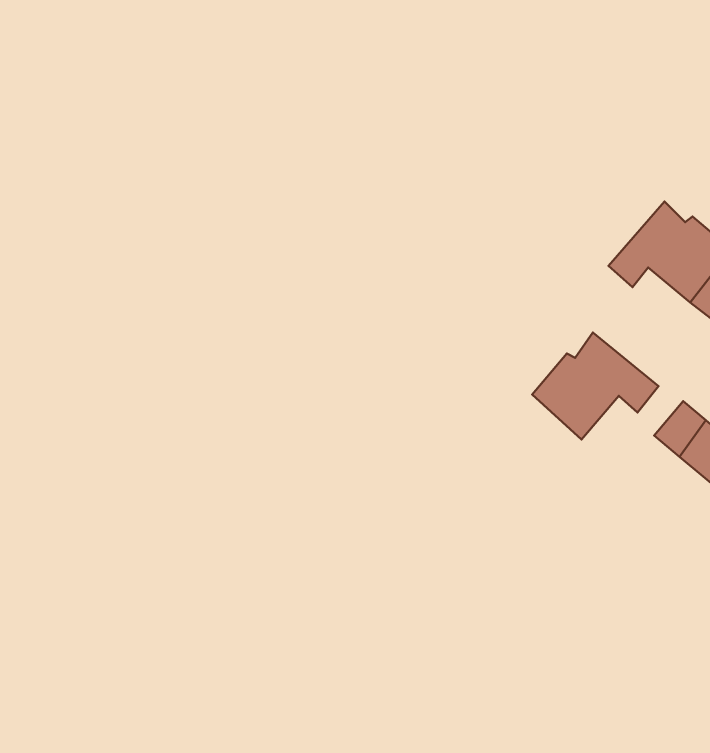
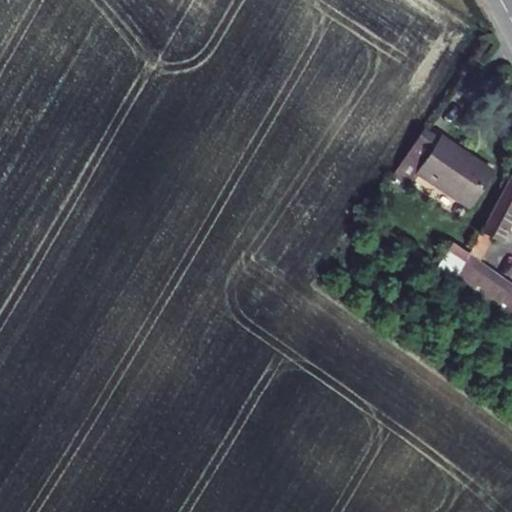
building: [532,333,659,440] -> none

